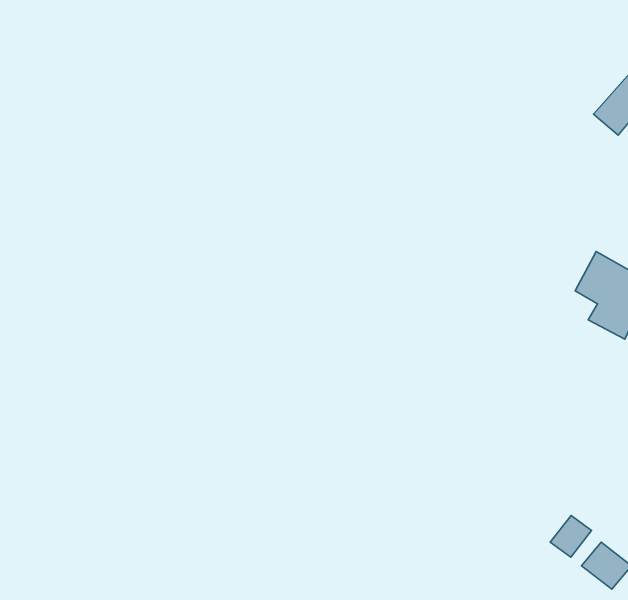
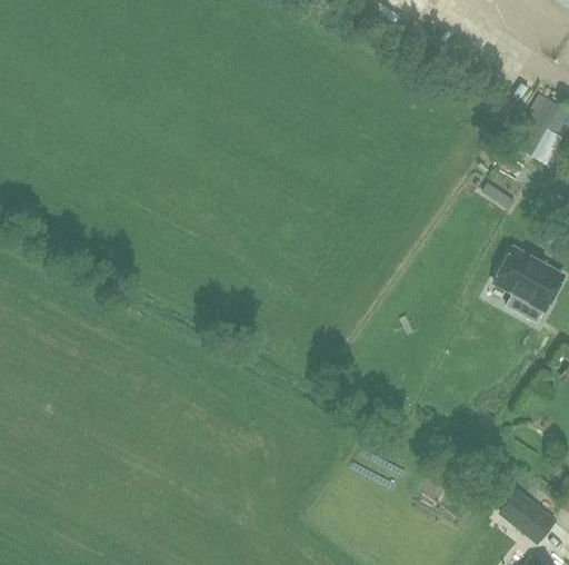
building: [550,515,592,557] -> none

